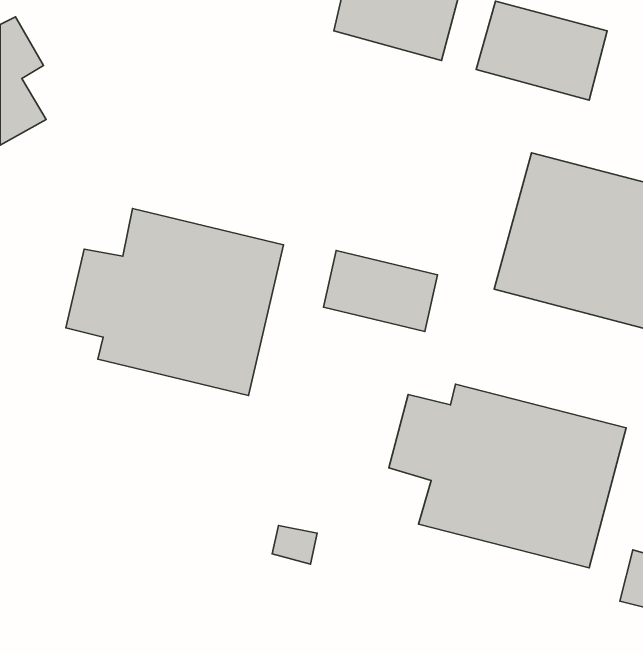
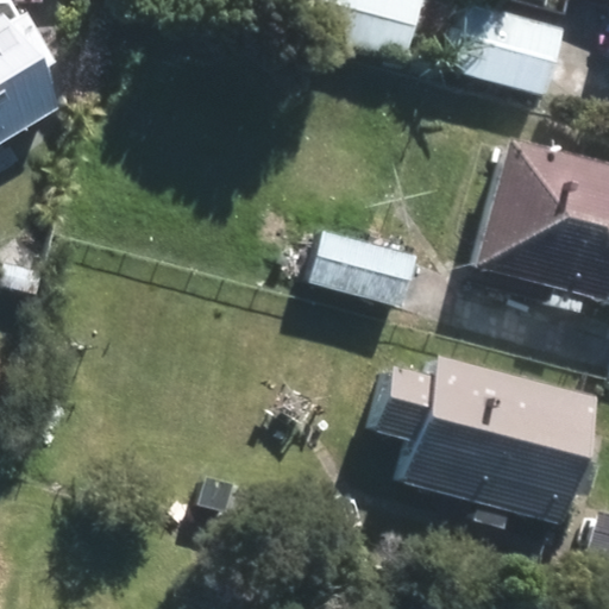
building: [66,208,284,396] -> none

